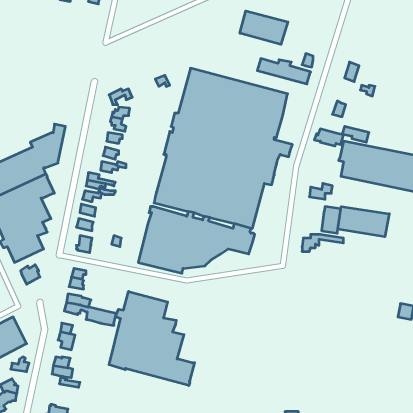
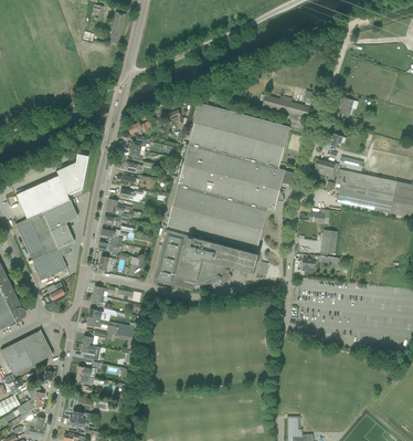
building: [240,11,288,44] -> none
building: [338,207,389,237] -> none
building: [109,291,195,386] -> none

